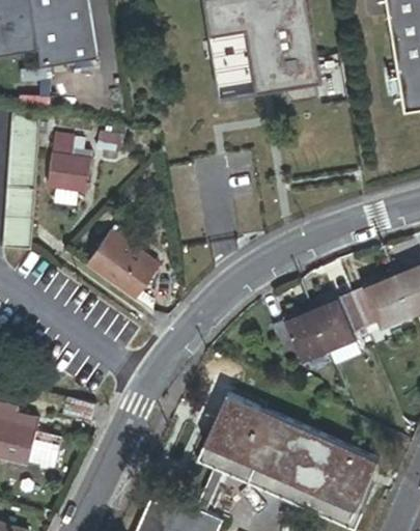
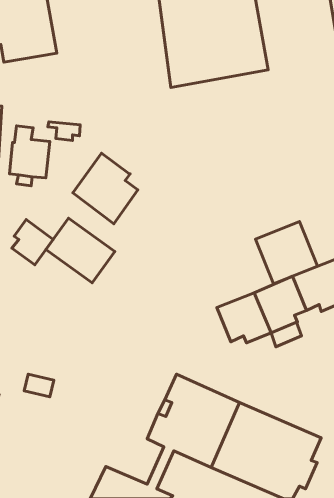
building: none -> [73,153,138,224]
building: none -> [12,219,53,265]
building: none -> [256,222,317,284]

